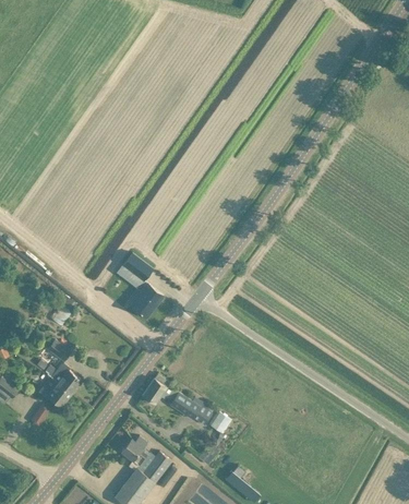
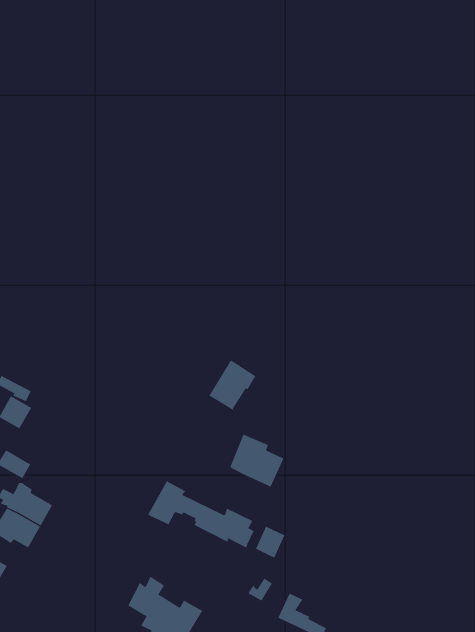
building: [117,253,153,281] -> none
building: [130,284,163,319] -> [209,359,256,412]
building: none -> [230,434,284,487]

